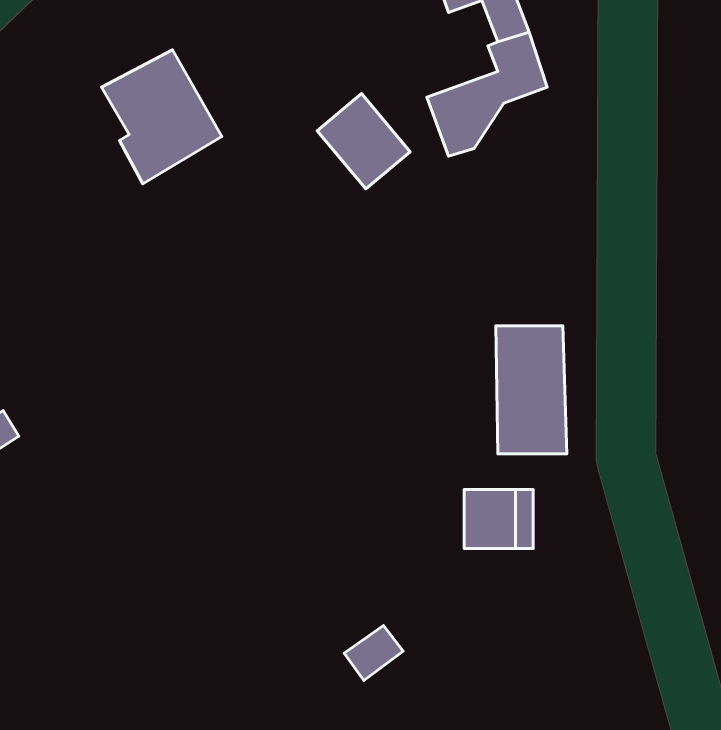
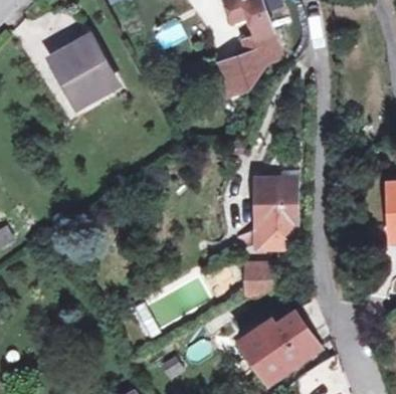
building: [317,94,410,189] -> none
building: none -> [240,311,319,381]

